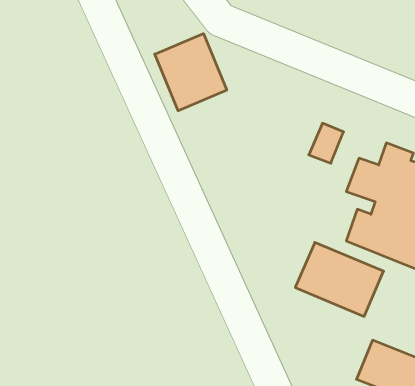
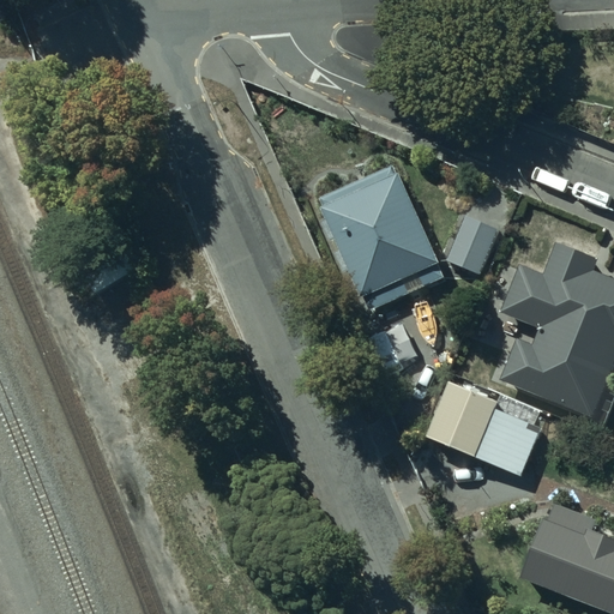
building: [155,34,227,111] -> none
building: none -> [325,181,441,363]

